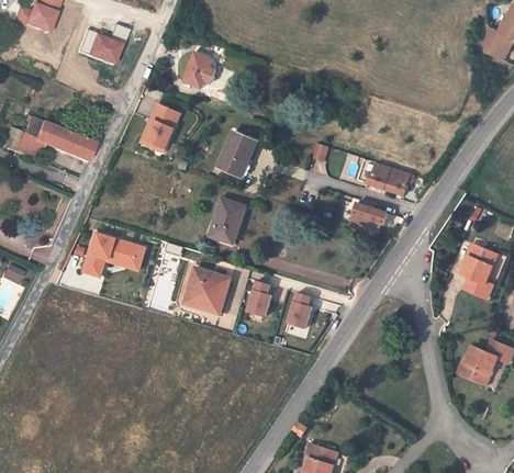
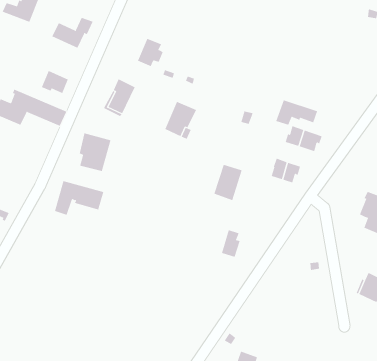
building: none -> [41,70,69,94]
building: none -> [276,100,318,125]
building: none -> [79,132,111,172]
building: [209,198,245,244] -> [214,164,242,201]
building: [185,268,231,313] -> none
building: [247,280,271,315] -> none

